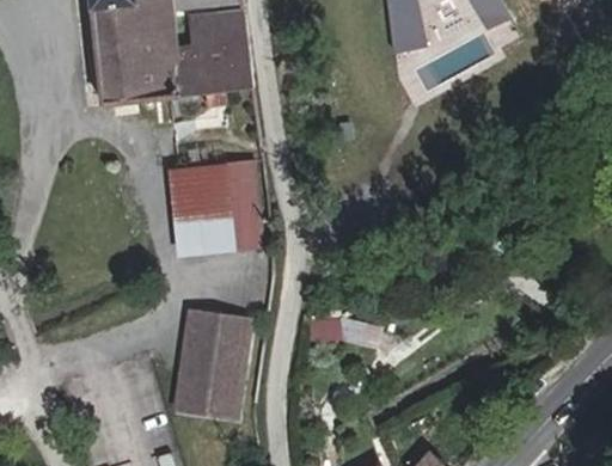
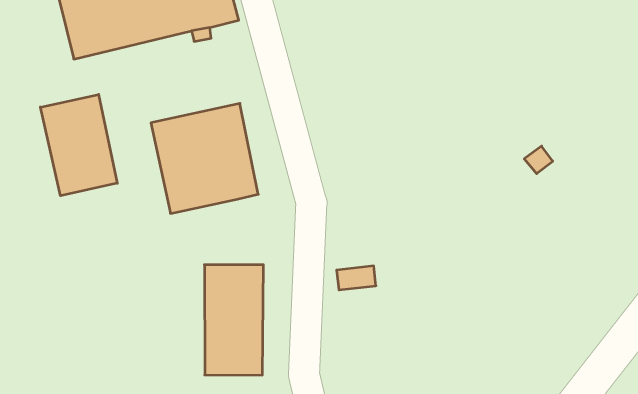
building: none -> [40,94,117,196]

